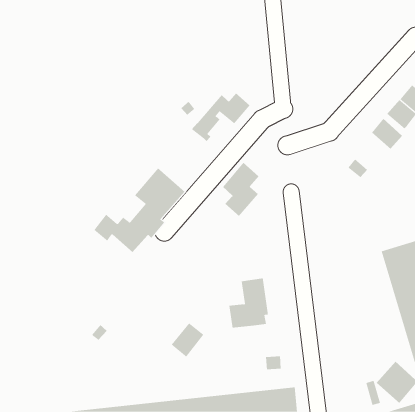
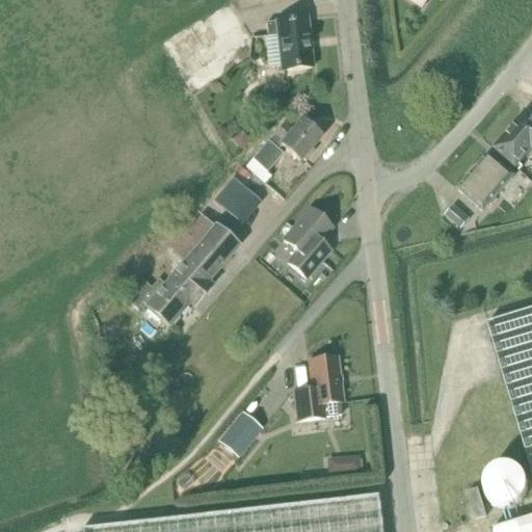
building: none -> [267,16,313,69]
building: none -> [459,169,500,210]
building: none -> [214,177,256,218]

